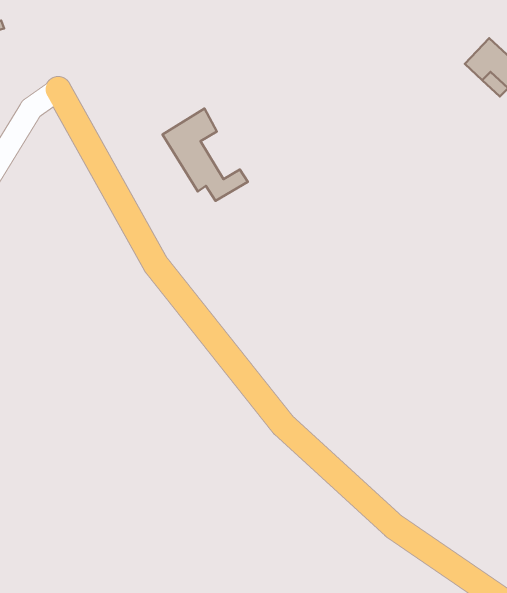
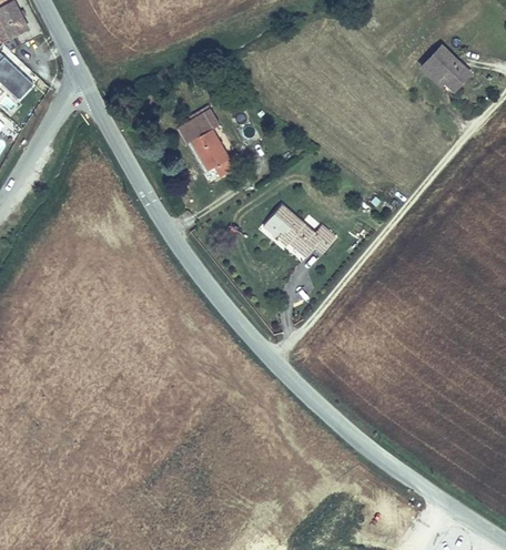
building: none -> [265,205,334,252]

